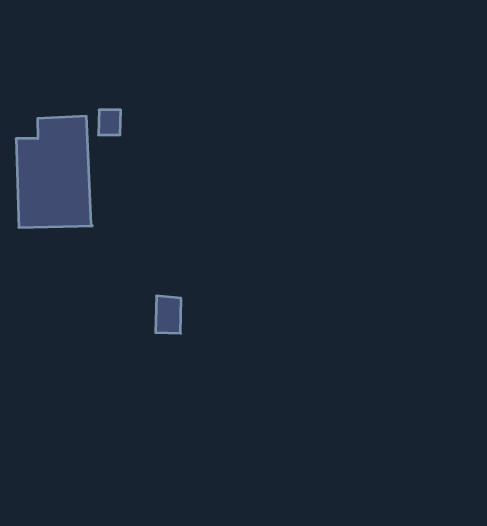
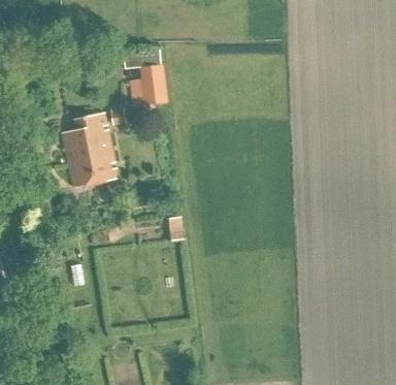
building: none -> [131,63,167,104]

